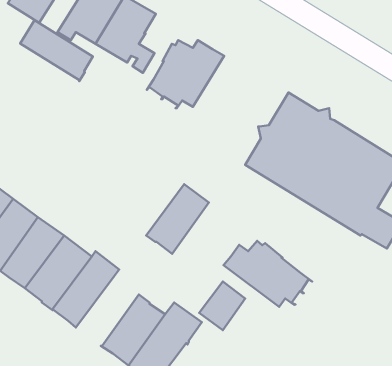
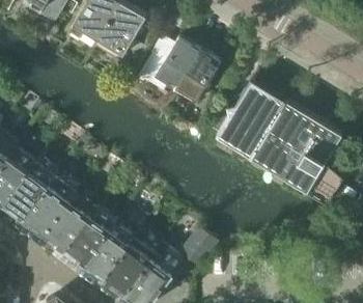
building: [20,20,93,81] -> none
building: none -> [174,50,220,103]
building: [146,184,209,254] -> [82,224,132,279]
building: [224,241,312,307] -> none

